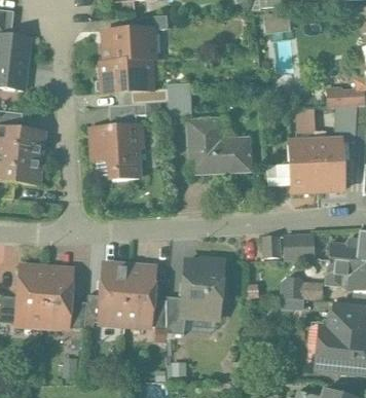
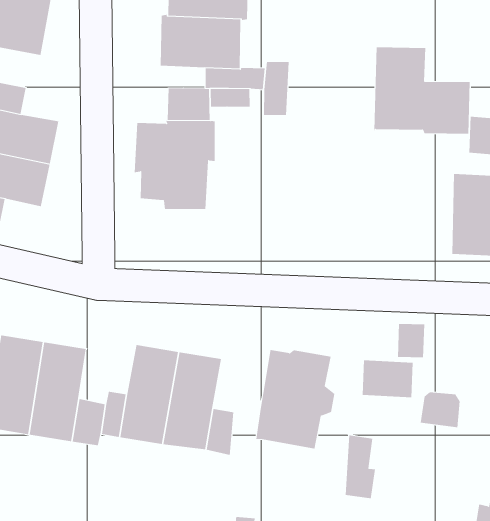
building: [188,118,250,172] -> [374,47,470,134]
building: [283,234,315,257] -> [362,360,414,398]
building: [167,295,185,333] -> [345,435,376,499]

